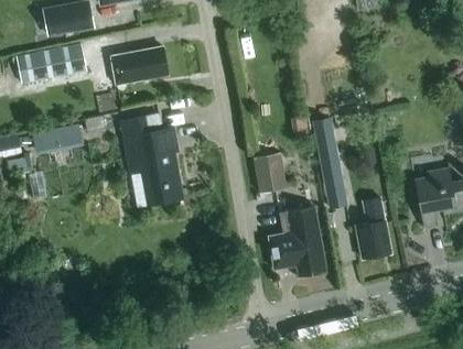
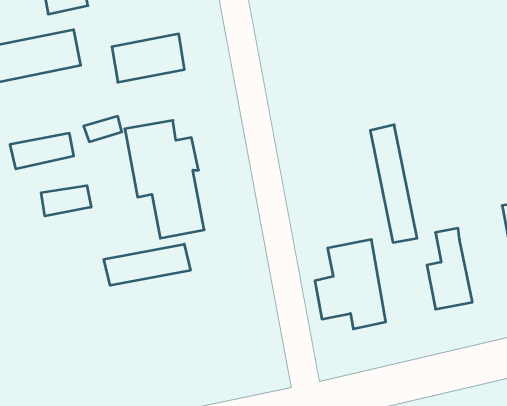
building: [254,152,286,192] -> none
building: none -> [41,186,91,216]
building: none -> [104,244,190,285]

